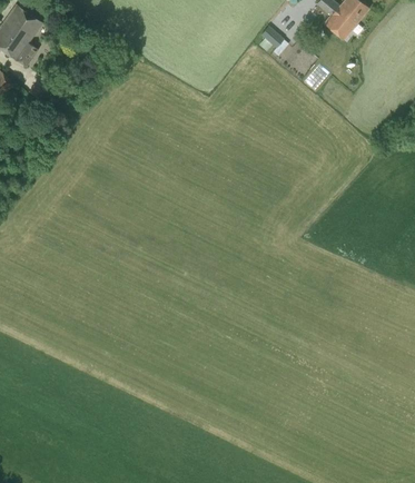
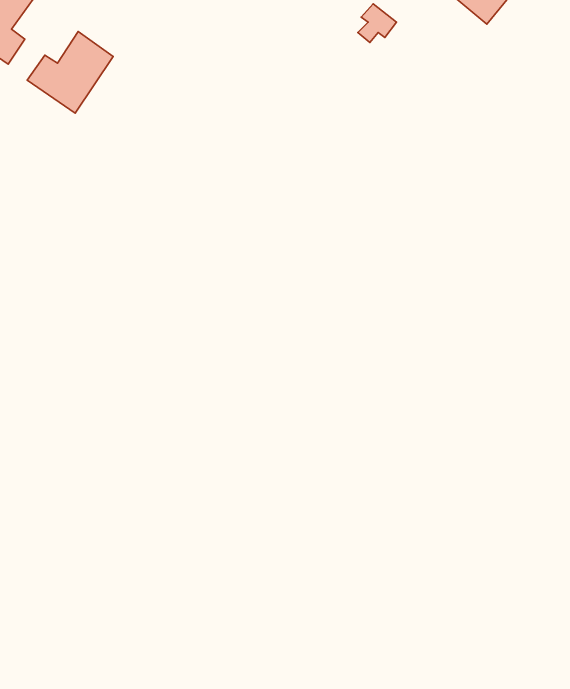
building: none -> [27,32,113,113]

